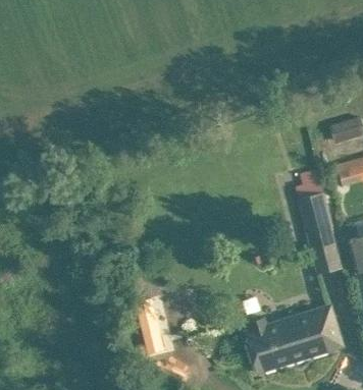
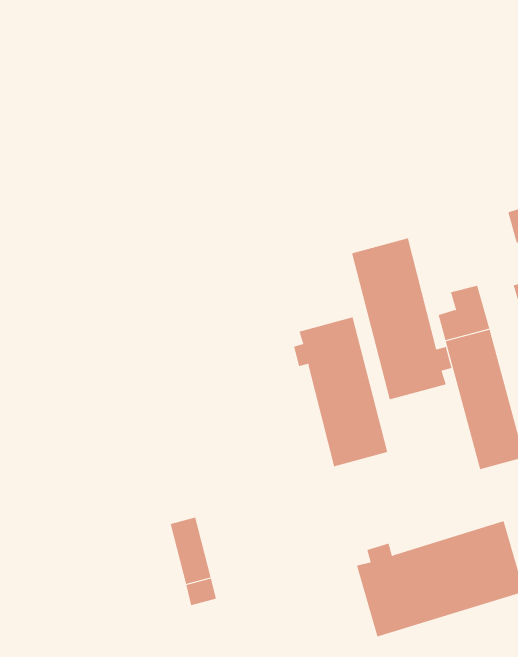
building: none -> [351,237,452,400]
building: none -> [293,317,388,467]

